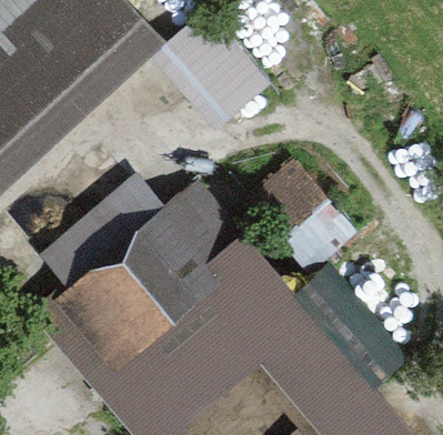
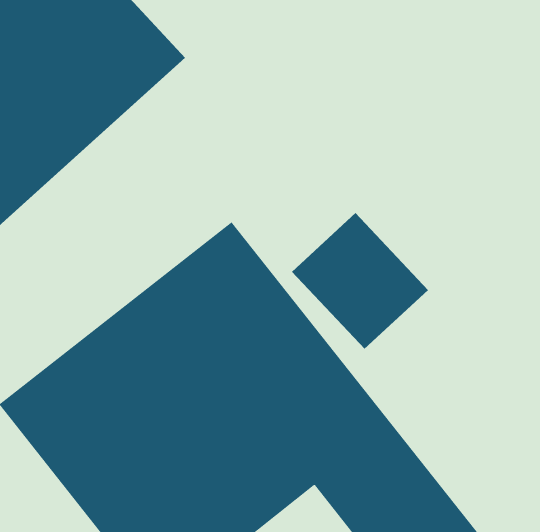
building: [165,10,280,125] -> none

